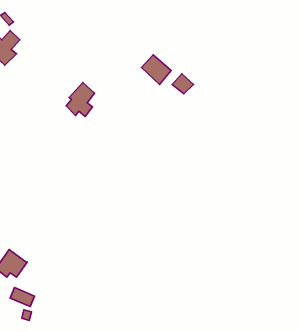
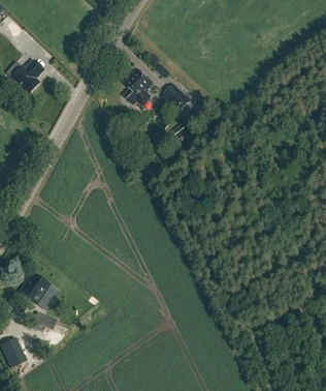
building: [66,83,95,116] -> [124,72,152,106]

